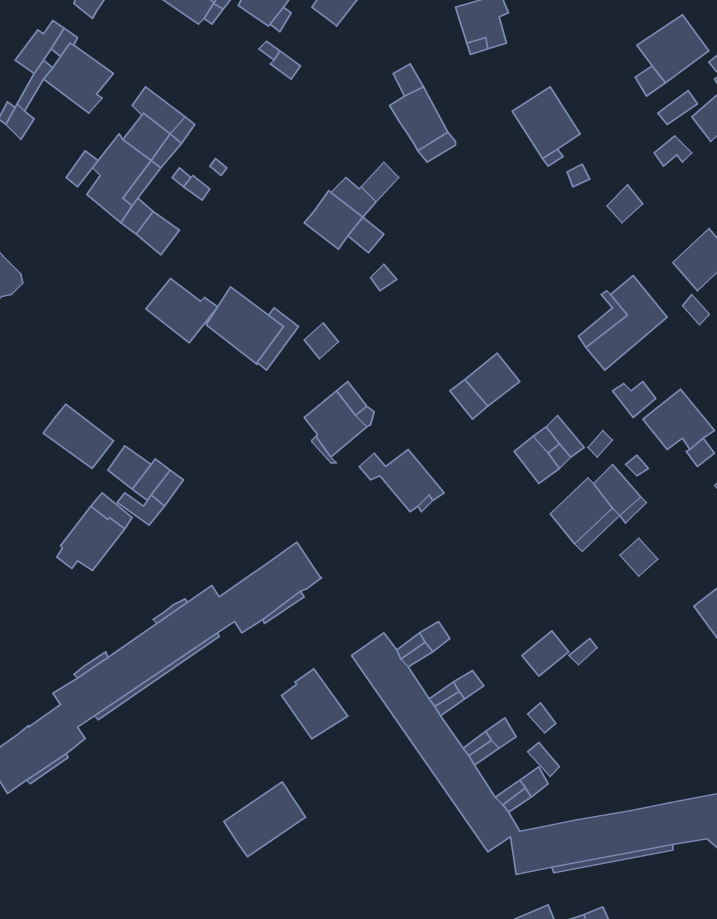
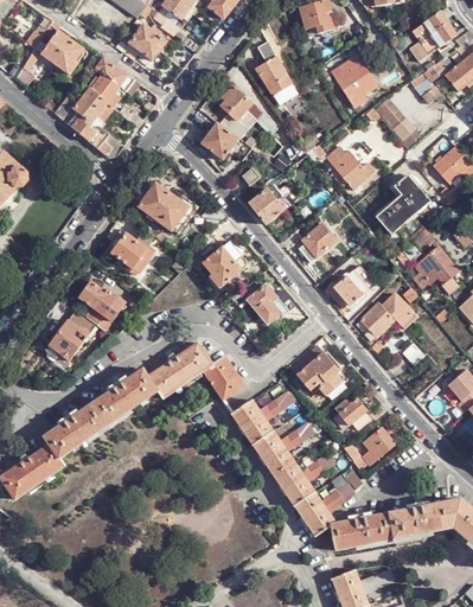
building: none -> [128,24,165,60]
building: none -> [219,83,253,120]
building: none -> [325,145,370,189]
building: [146,279,218,343] -> [110,232,155,273]
building: none -> [248,189,283,225]
building: [43,404,113,468] -> none
building: none -> [293,346,346,400]
building: [282,669,348,739] -> [203,354,244,398]
building: none -> [363,427,395,459]
building: [224,782,306,857] -> none

